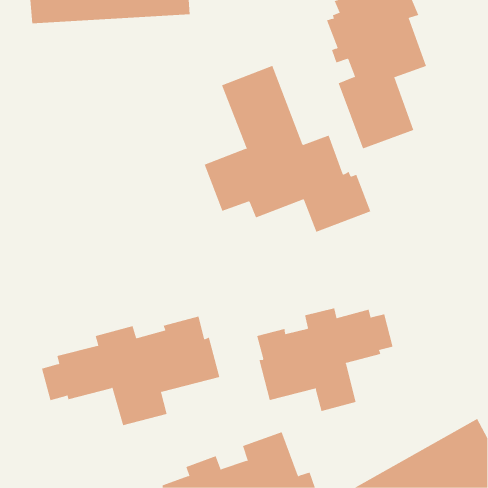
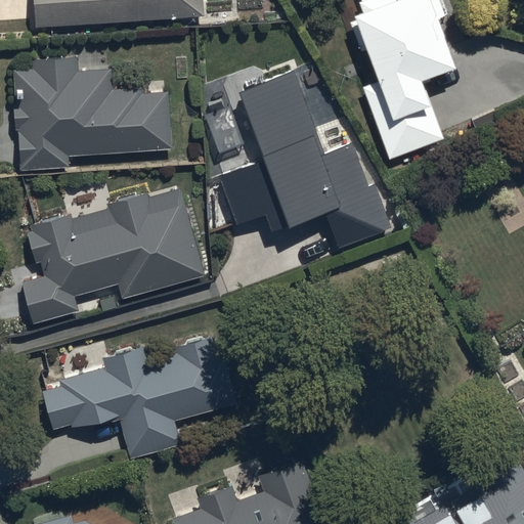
building: none -> [14,58,172,170]
building: none -> [23,188,205,323]
building: [256,308,393,412] -> none

